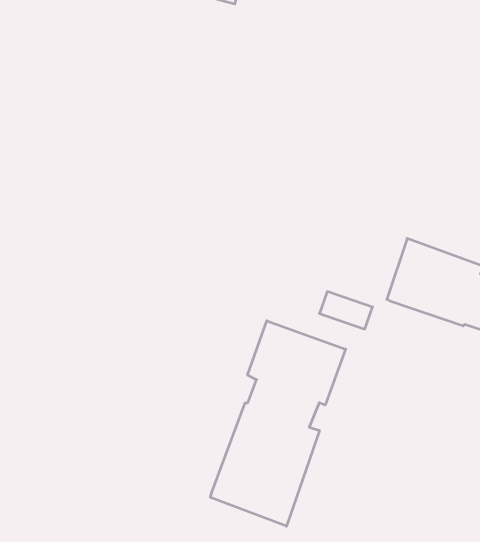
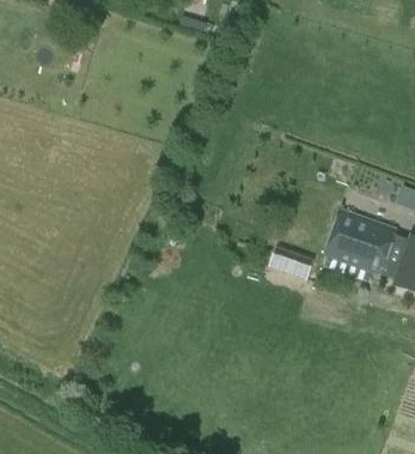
building: [210,321,346,526] -> none

